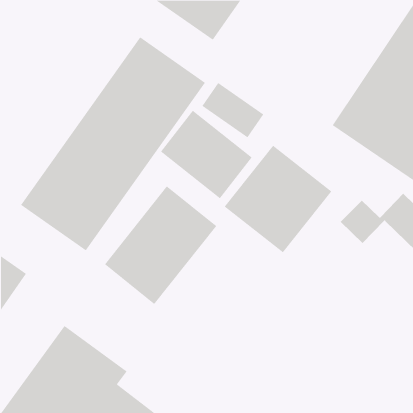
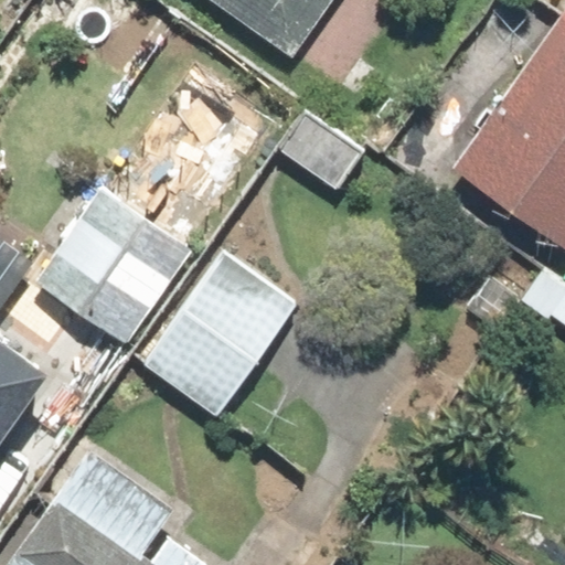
building: [160,110,253,199] -> none
building: [224,145,332,253] -> none

